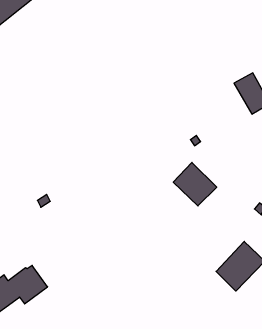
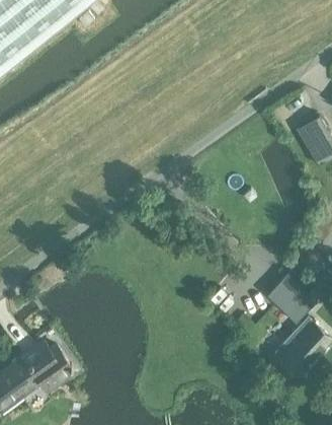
building: [173,162,217,206] -> [266,270,318,322]

